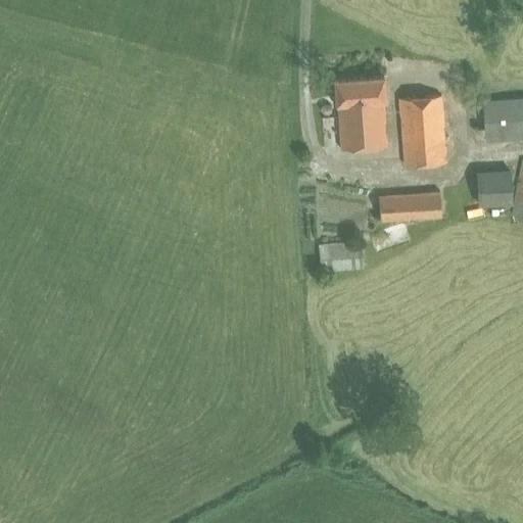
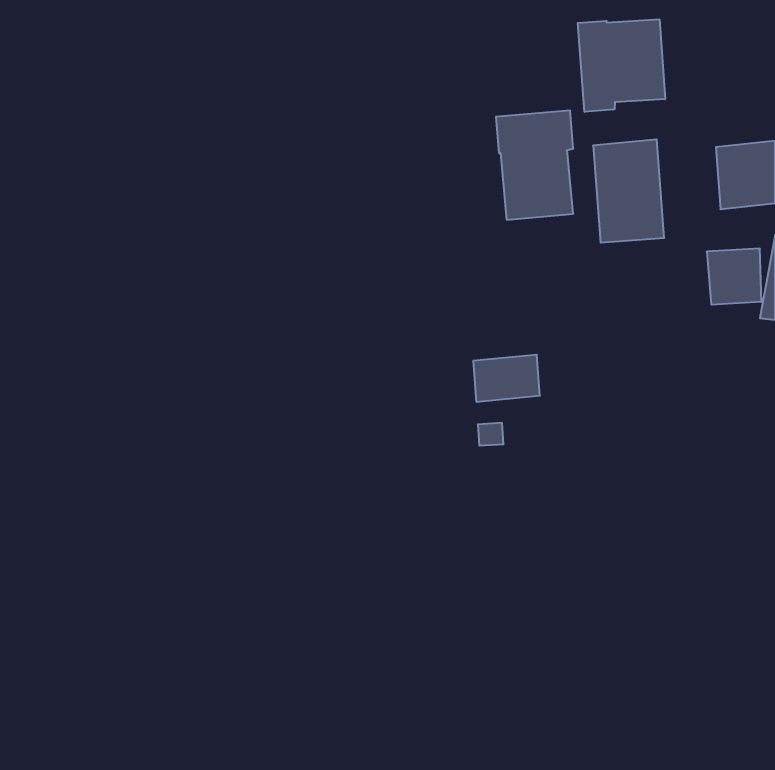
building: none -> [578,19,665,112]
building: [379,193,442,224] -> none

